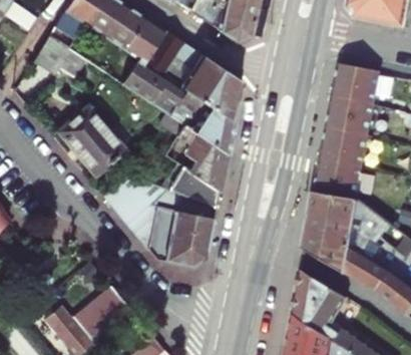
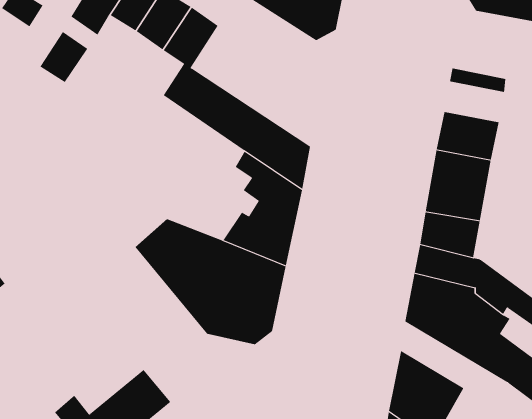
building: [145,31,243,120] -> none
building: [332,72,377,102] -> none
building: [59,107,124,174] -> none

